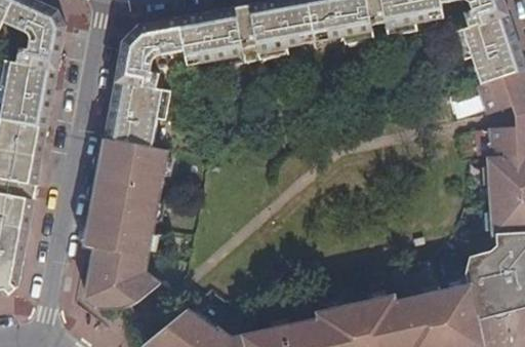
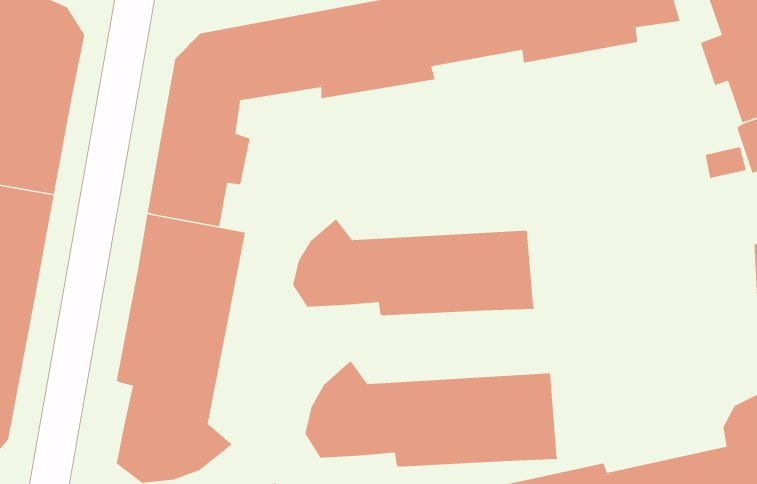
building: none -> [292,218,535,316]
building: none -> [304,360,558,468]

